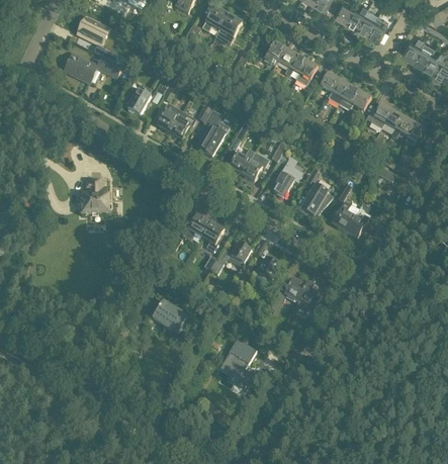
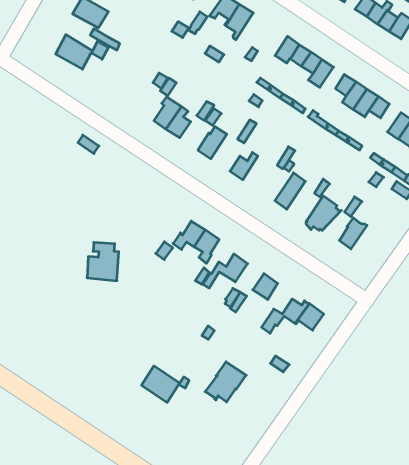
building: [123,88,150,114] -> none
building: [241,152,268,181] -> none
building: [81,181,108,214] -> [87,242,119,281]
building: [343,208,368,238] -> none
building: [152,301,186,334] -> [142,366,180,402]

